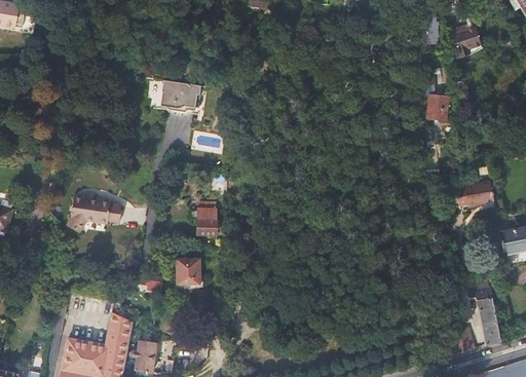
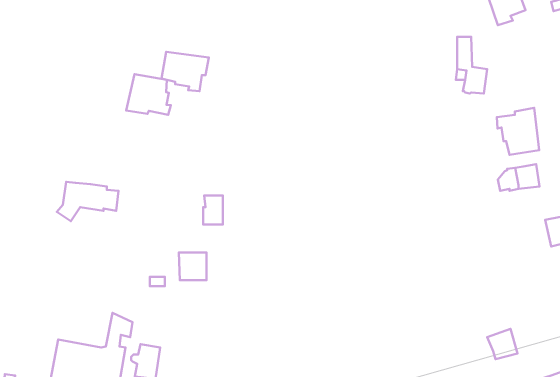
building: none -> [126,74,171,115]
building: none -> [497,108,539,155]
building: [476,287,499,344] -> none

